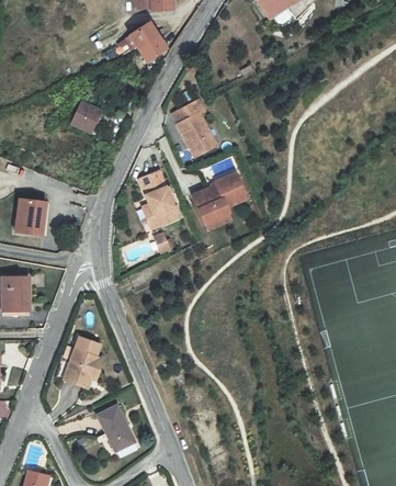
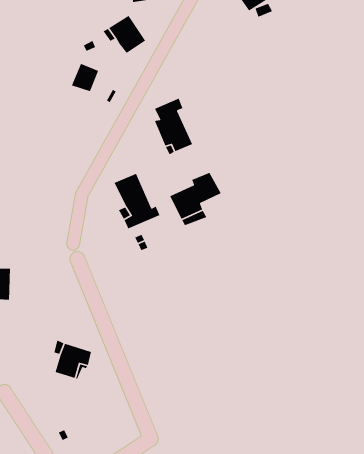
building: [75,98,103,127] -> [71,63,99,92]
building: [24,199,52,234] -> none
building: [100,402,137,448] -> none

